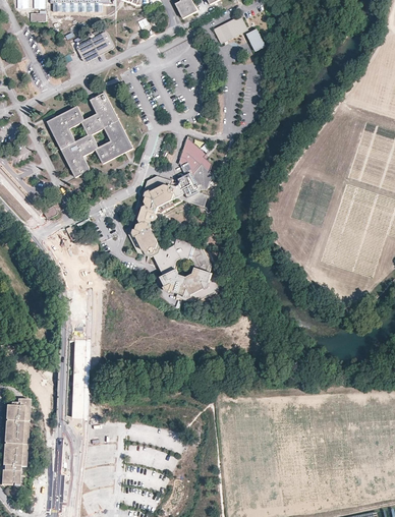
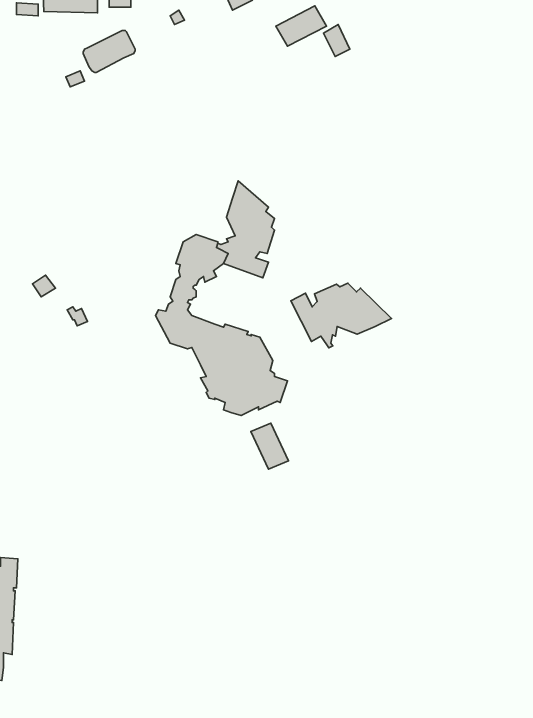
building: [47,93,131,176] -> none
building: none -> [291,283,391,348]
building: none -> [251,423,288,469]

